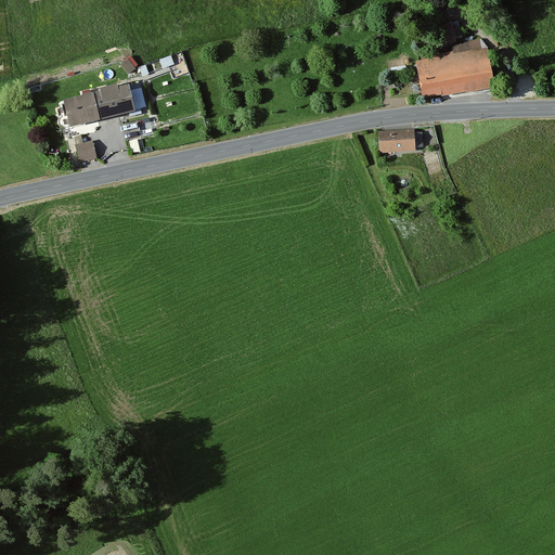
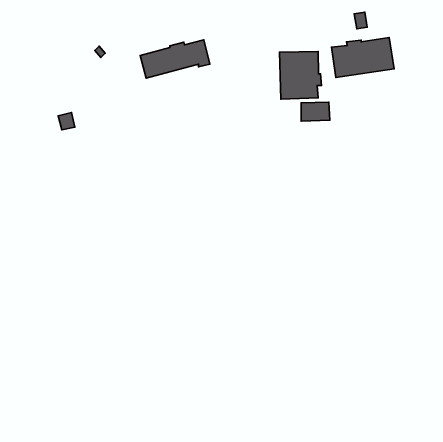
building: none -> [279,52,322,99]
building: [61,80,147,128] -> [140,40,210,78]

